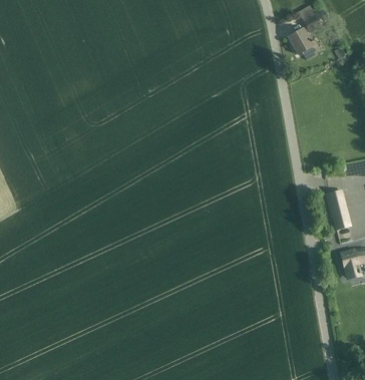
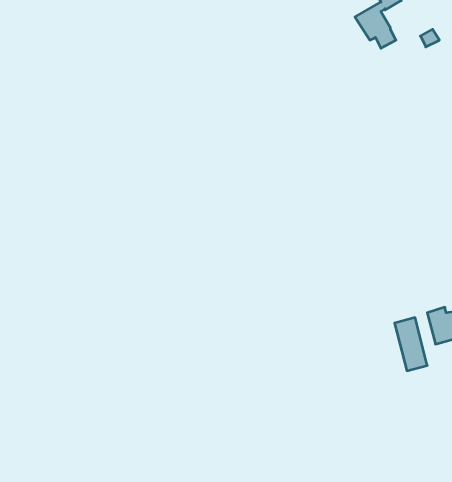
building: [326,189,350,229] -> [395,318,427,371]

